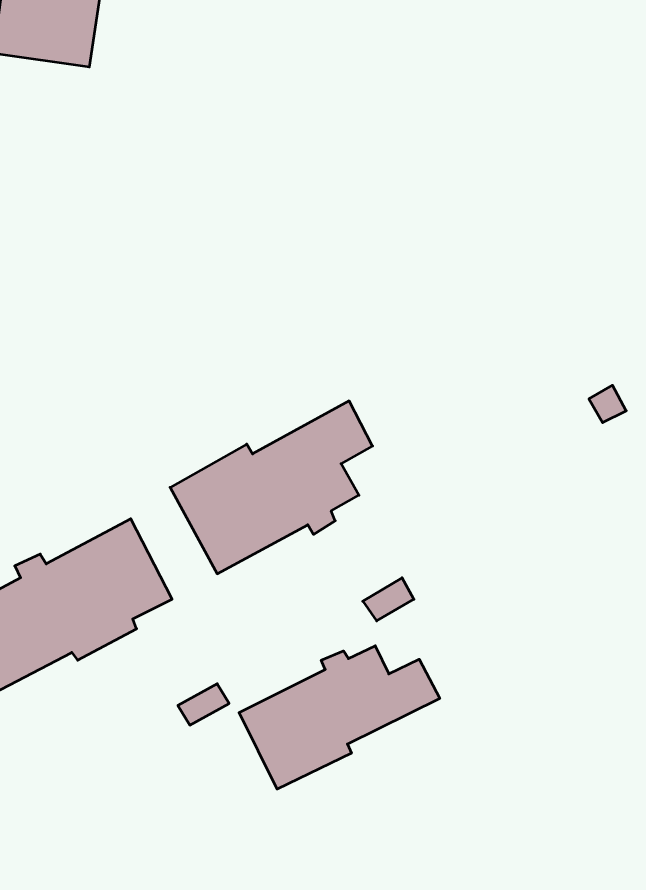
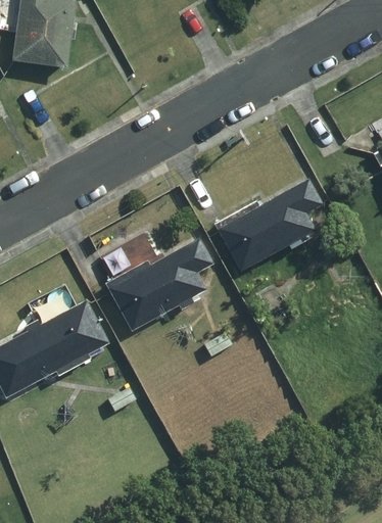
building: none -> [216,179,321,270]
building: [239,646,440,789] -> none

